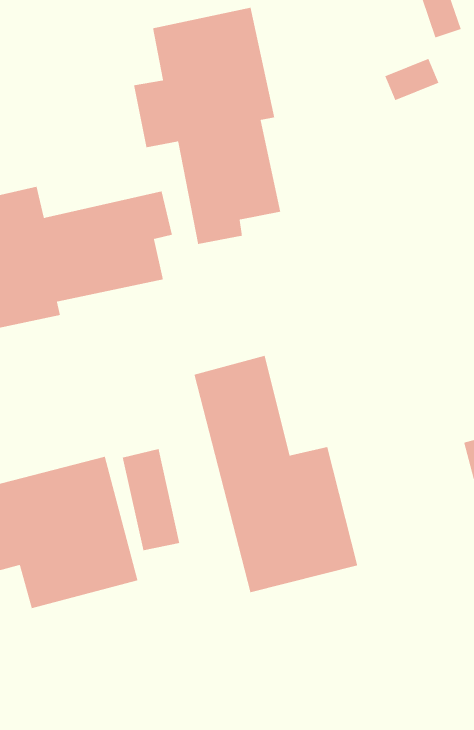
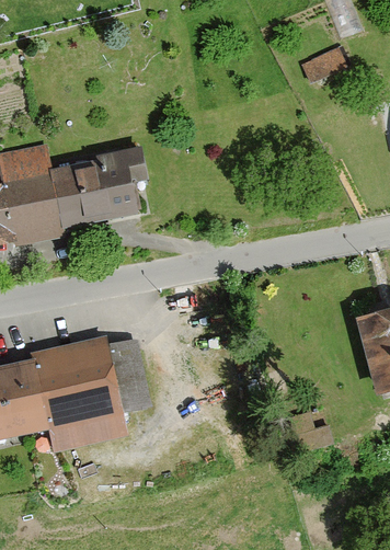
building: [133,7,281,245] -> none
building: [193,355,358,593] -> none

